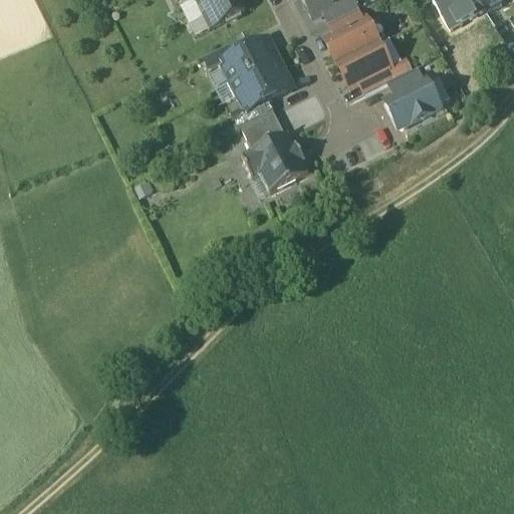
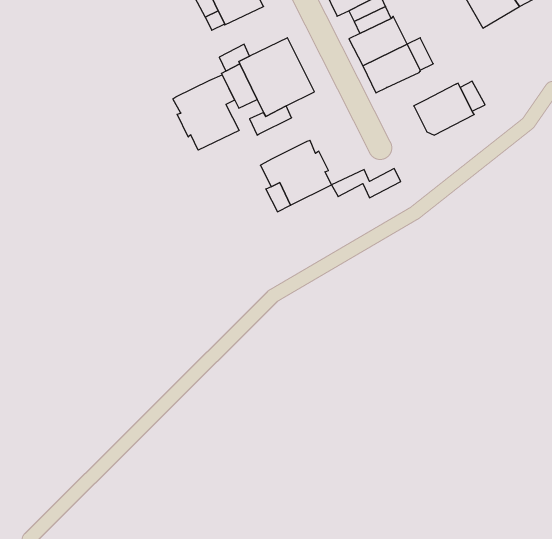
building: [359,66,424,93] -> [332,169,401,198]
building: none -> [173,75,239,150]
building: [241,108,285,148] -> none

